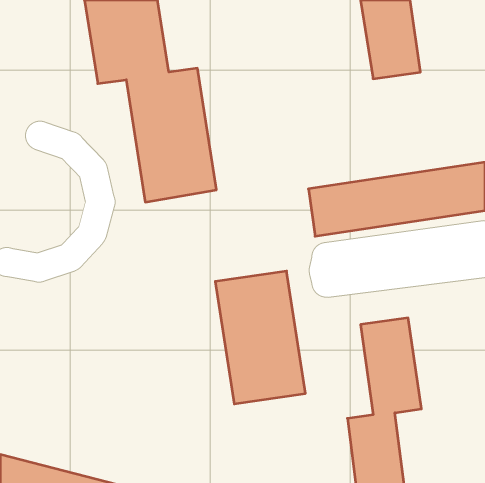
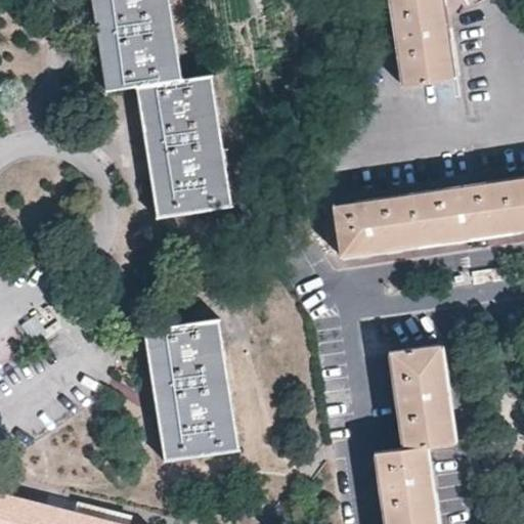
building: [215,271,305,404] -> [143,319,241,463]

